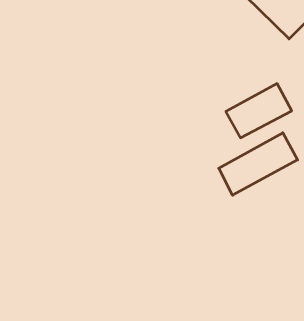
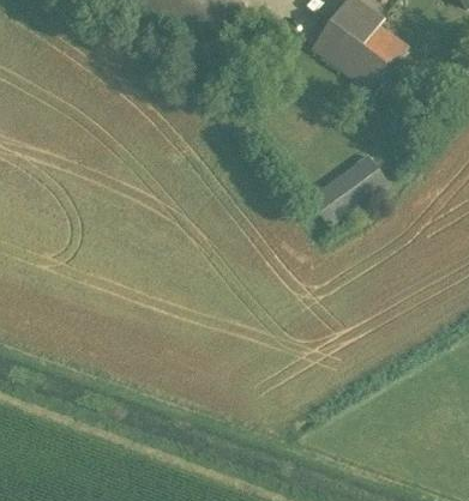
building: [219,133,298,195] -> none

